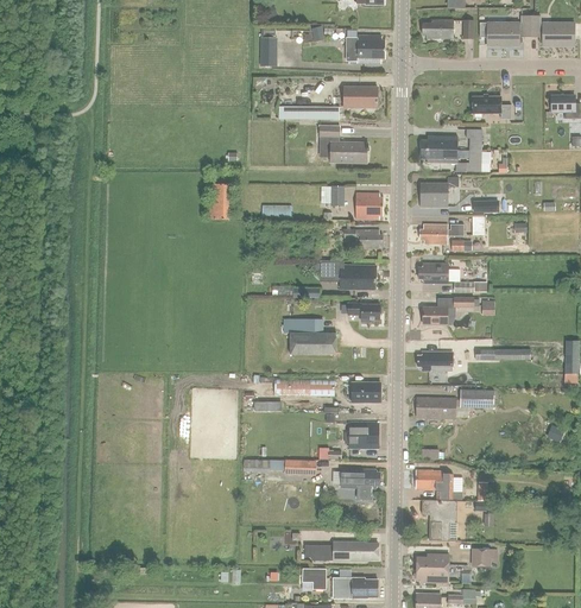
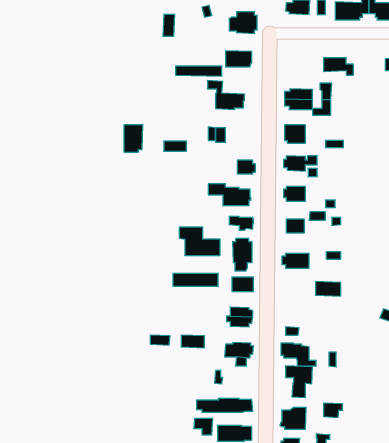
building: [354,192,381,218] -> none
building: none -> [233,238,252,271]
building: [415,397,455,418] -> none

